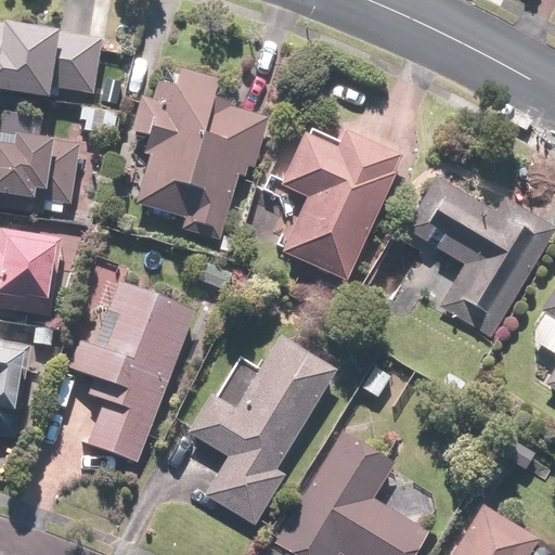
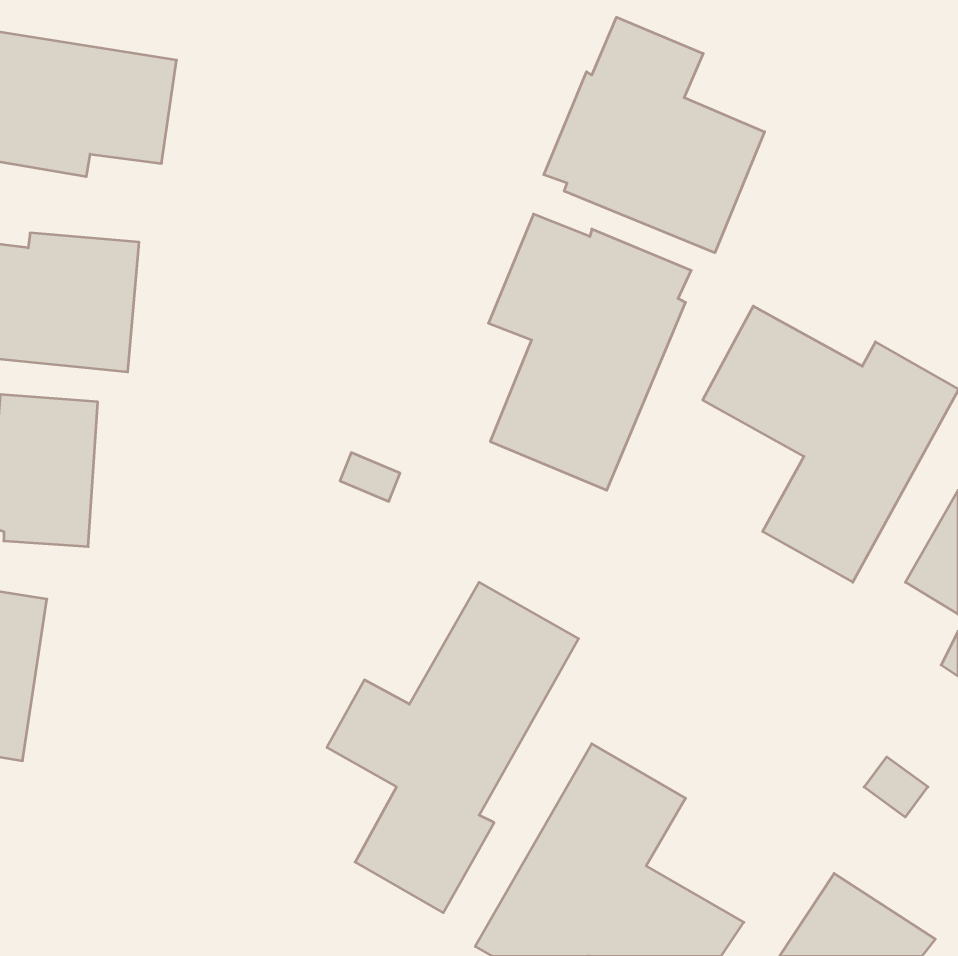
building: none -> [544,17,765,253]
building: [125,66,268,243] -> none
building: [67,281,193,465] -> none

